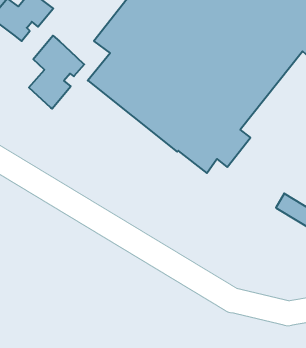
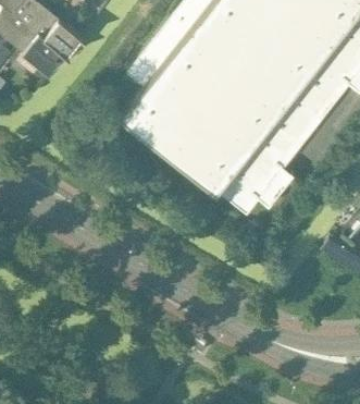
building: [29,36,84,109] -> none

